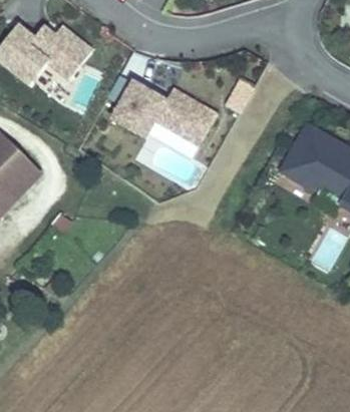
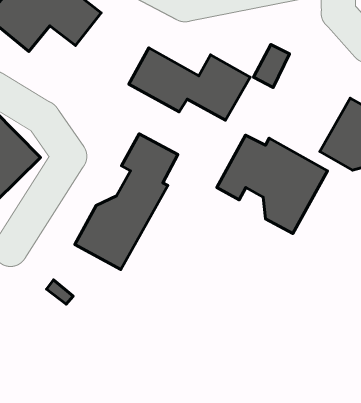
building: none -> [75,134,178,270]
building: none -> [217,135,327,234]

